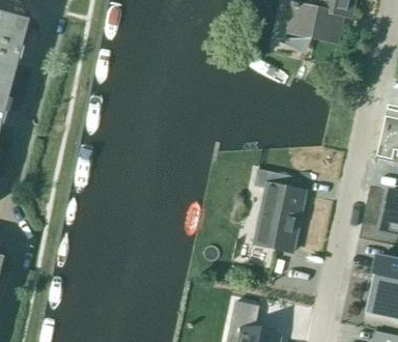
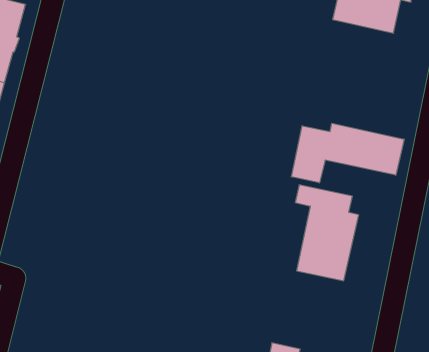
building: none -> [291,123,404,183]

